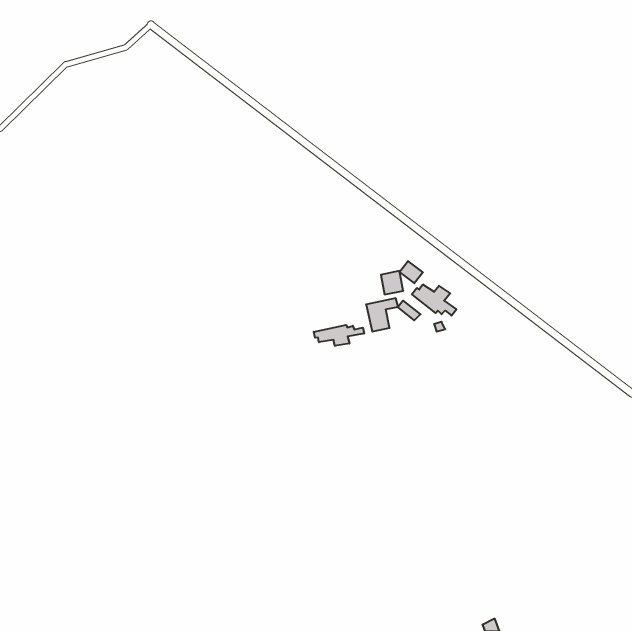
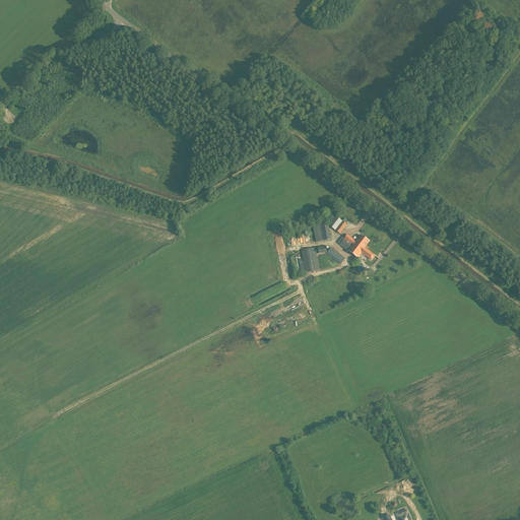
building: [314,325,364,346] -> none

